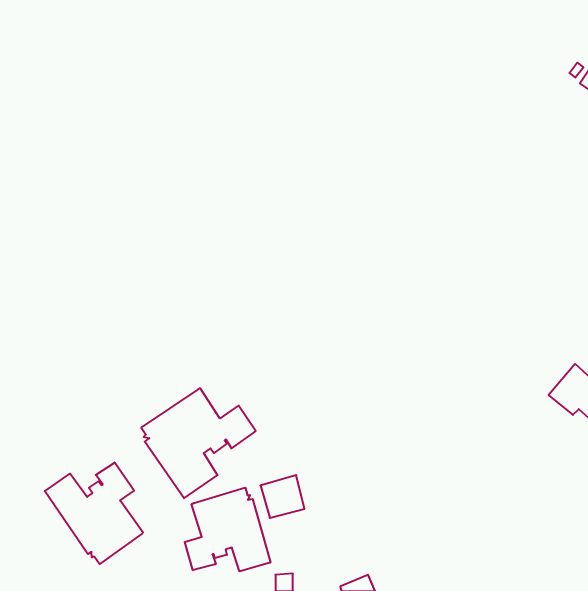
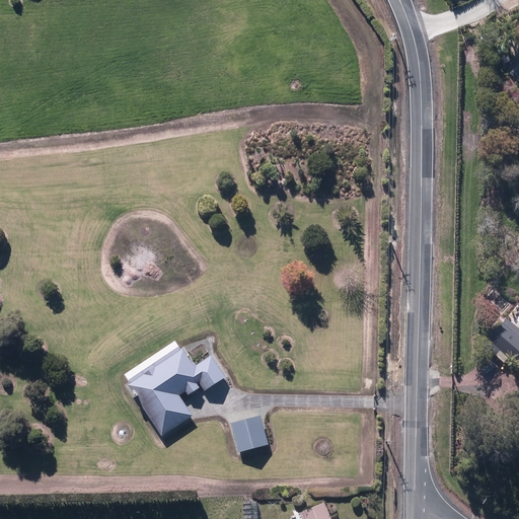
building: [45,462,143,564] -> none
building: [185,488,270,571] -> none

